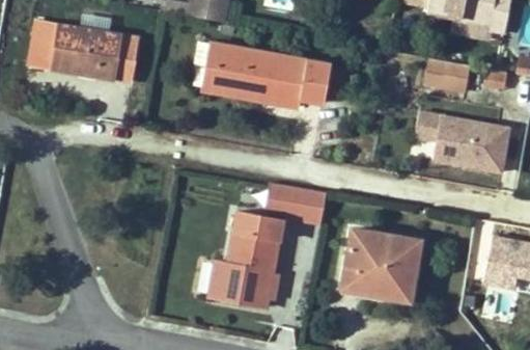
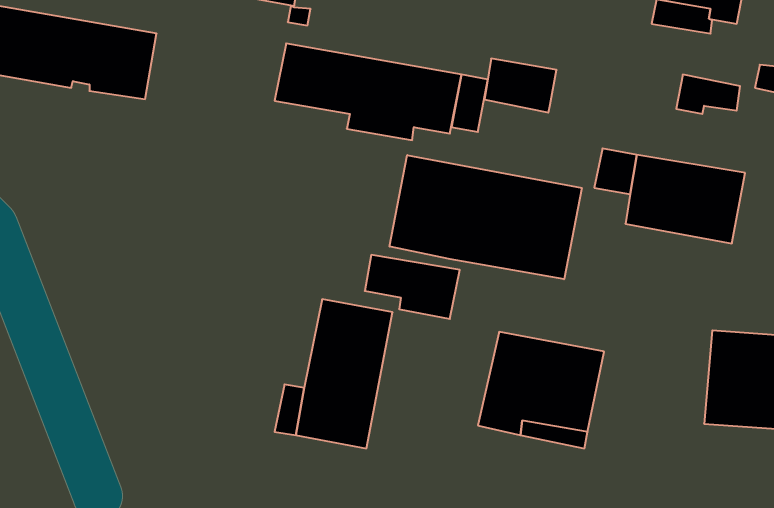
building: [195,42,259,100] -> none
building: [424,58,470,92] -> [484,59,557,113]
building: none -> [390,155,582,279]

